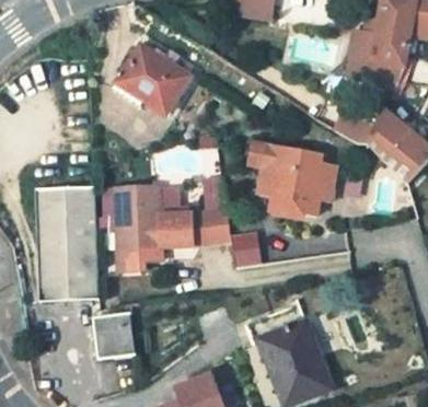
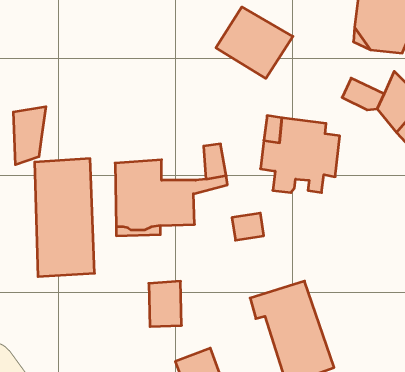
building: [115,46,189,115] -> [216,7,293,78]
building: none -> [13,107,46,165]
building: [193,212,230,251] -> none
building: [99,316,130,360] -> [149,281,182,327]

